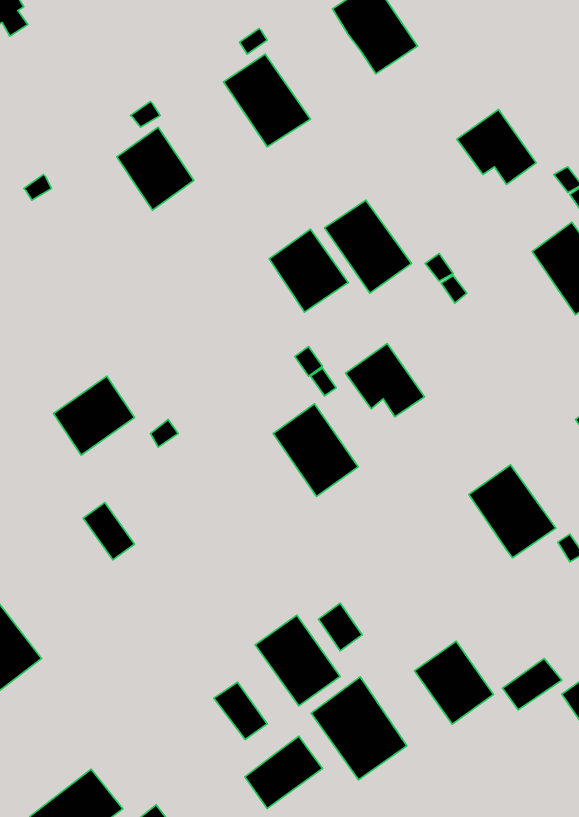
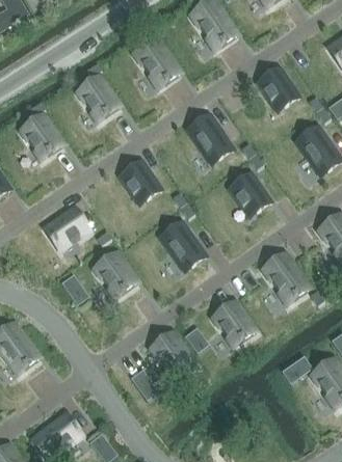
building: none -> [21,114,62,158]
building: [269,229,348,312] -> [120,160,161,203]
building: [345,344,425,417] -> [229,172,270,211]
building: none -> [95,252,136,296]
building: [415,641,494,724] -> [213,301,255,345]
building: [311,677,407,780] -> none
building: [245,736,322,809] -> none

